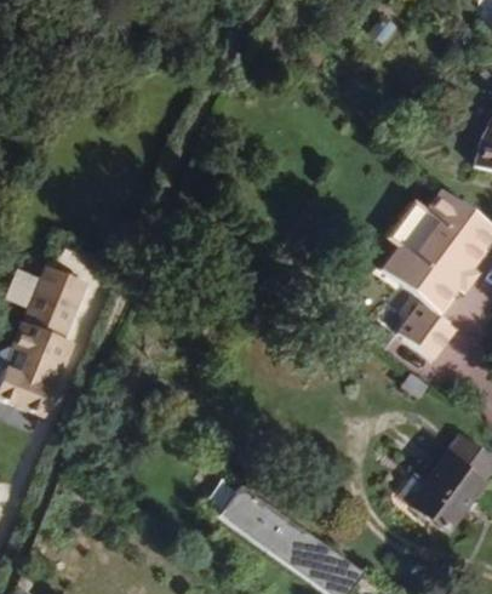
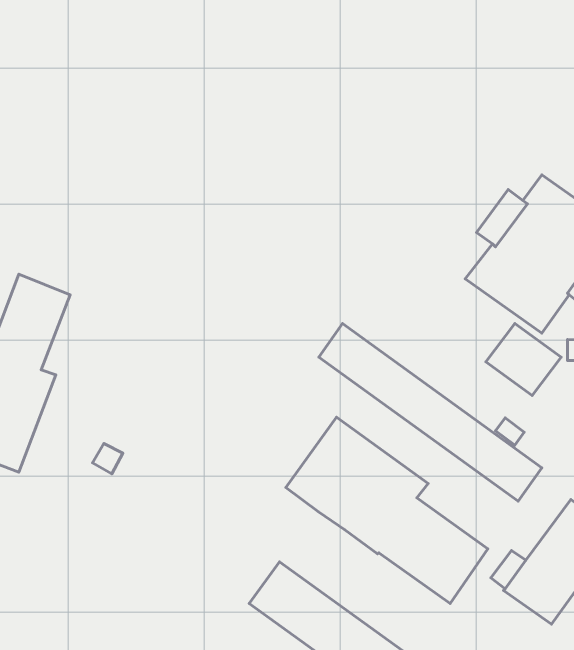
building: none -> [319,323,542,501]
building: none -> [286,417,488,604]

